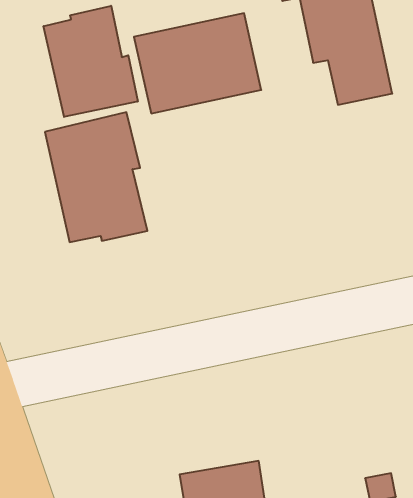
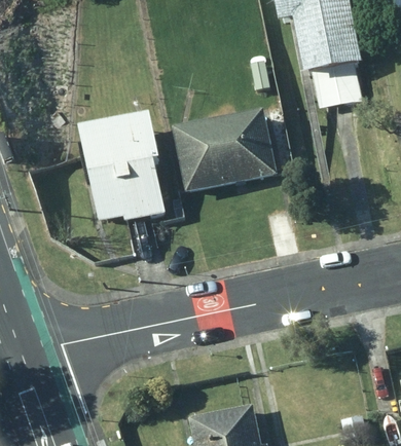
building: [44,6,138,117] -> none
building: [134,13,261,113] -> [170,108,276,191]

